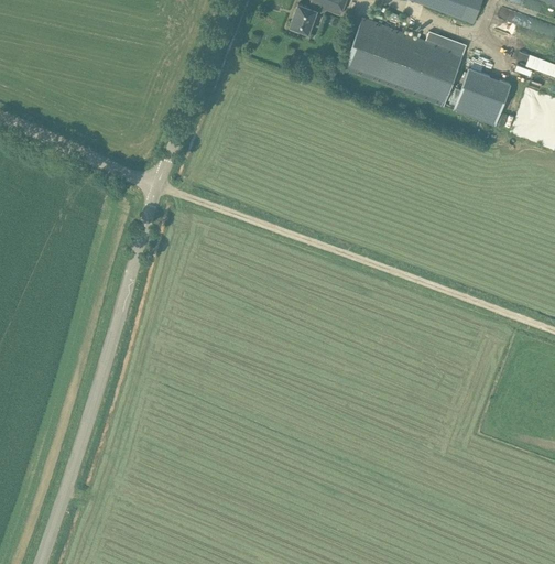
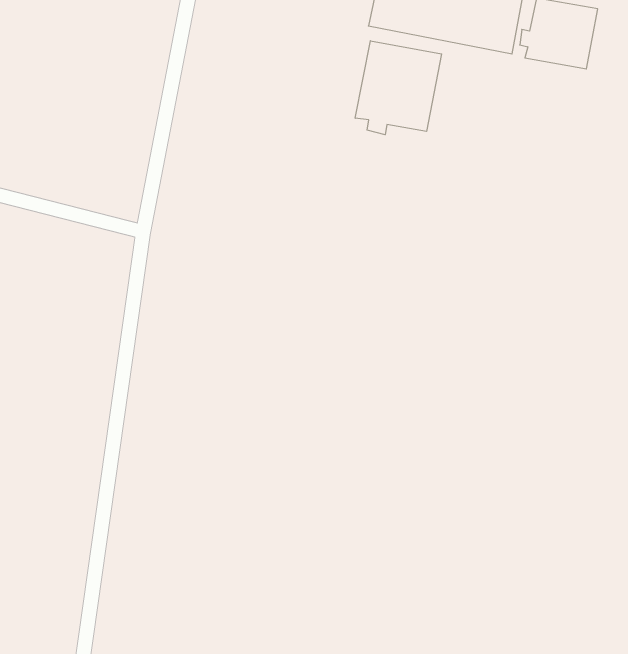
building: none -> [355,41,442,135]

